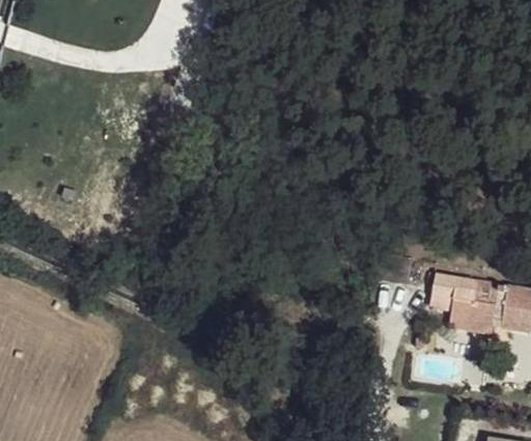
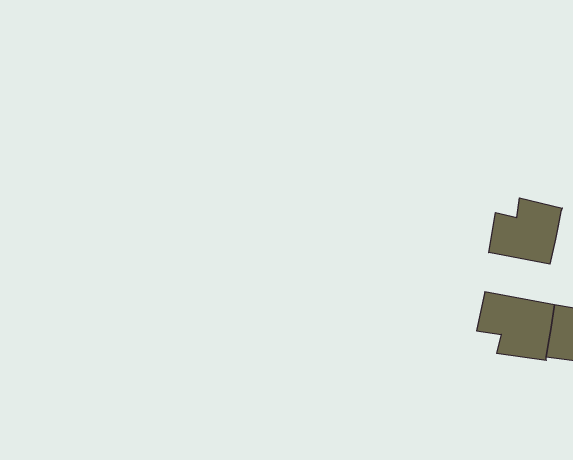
building: none -> [489,198,562,264]

